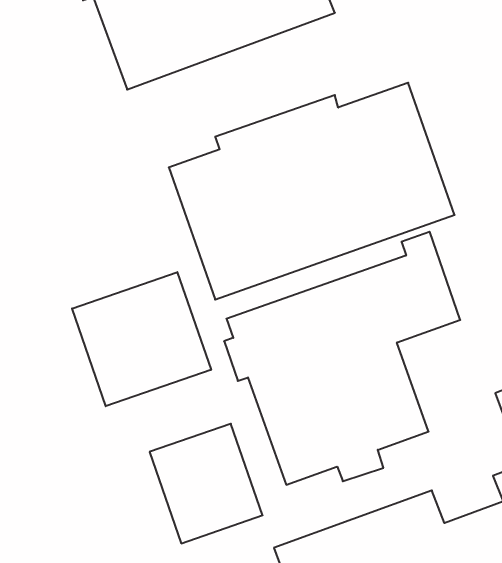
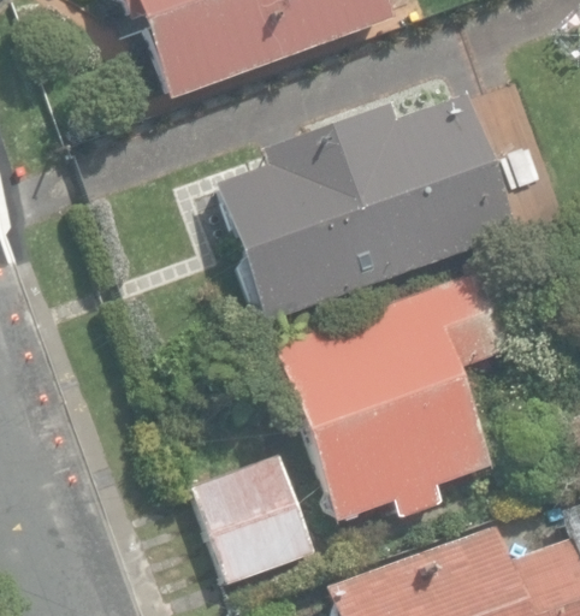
building: [72,272,211,406] -> none

